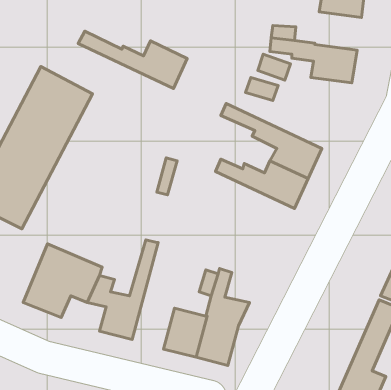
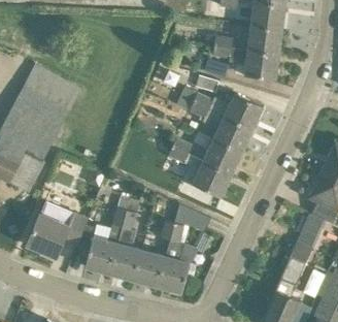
building: none -> [247,26,282,55]
building: [78,31,187,89] -> [180,86,263,129]
building: none -> [168,147,232,197]
building: none -> [109,191,141,281]
building: none -> [175,203,211,232]

